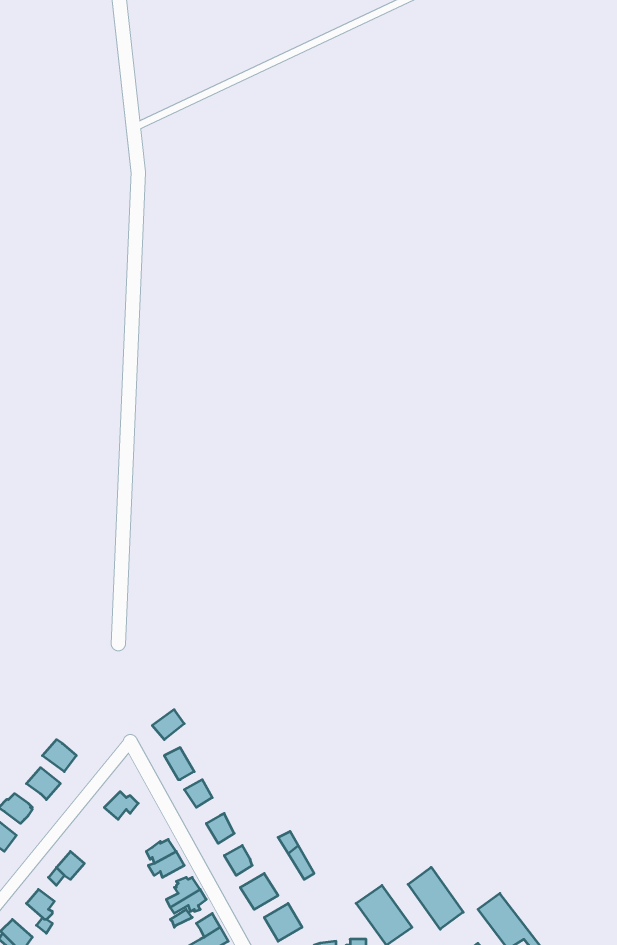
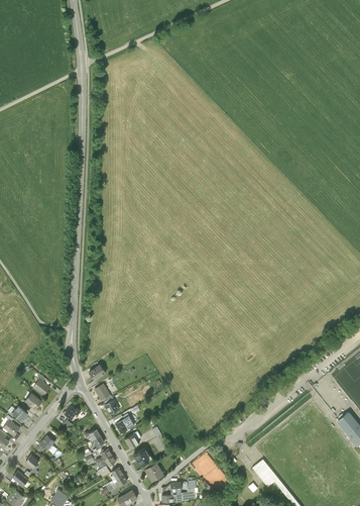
building: [408,867,463,929] -> none

